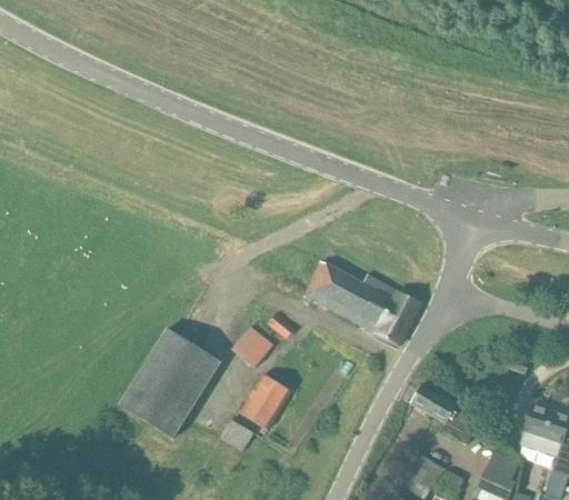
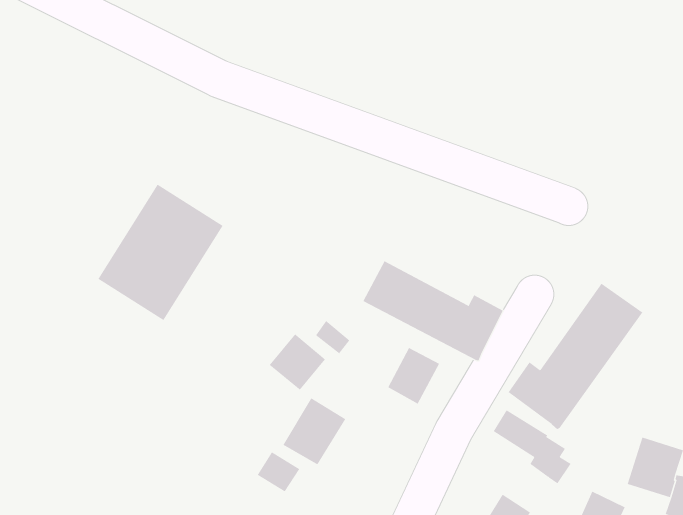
building: none -> [508,283,643,430]
building: [118,327,221,439] -> [97,184,224,321]
building: none -> [388,347,440,404]

